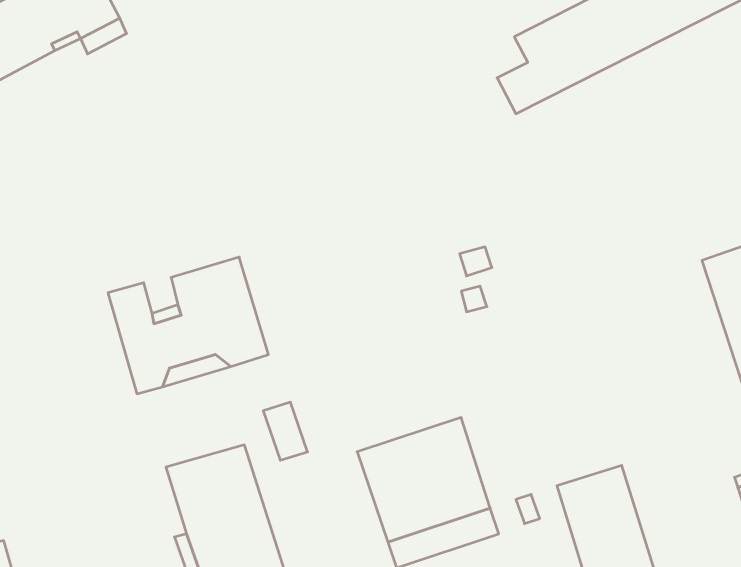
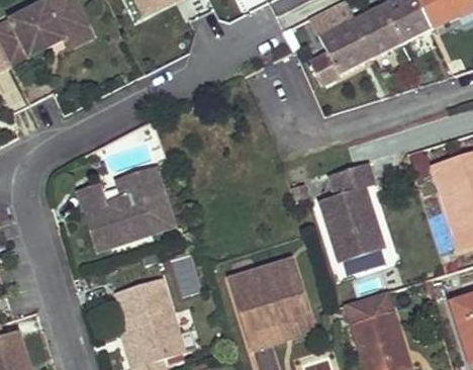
building: none -> [317,163,383,263]

